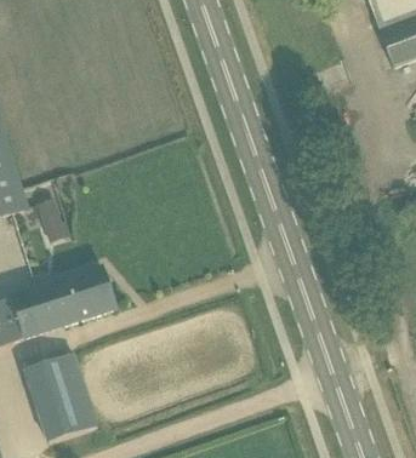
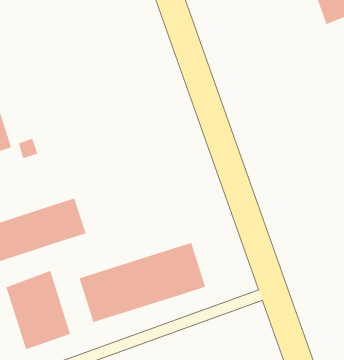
building: none -> [79,242,206,323]

